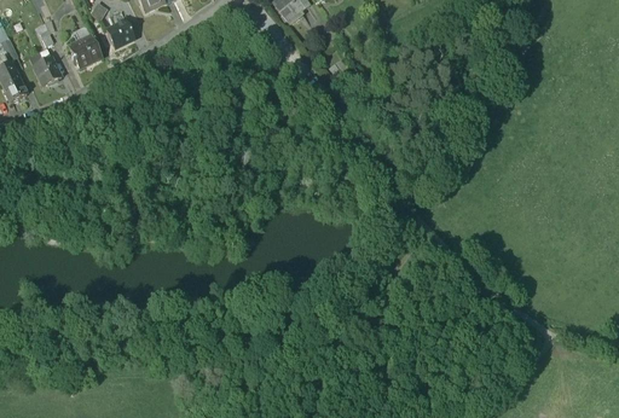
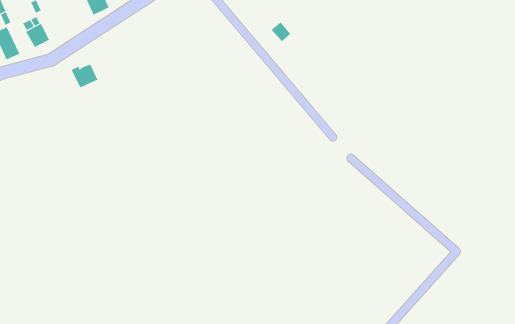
building: [68,37,100,66] -> [71,64,98,88]

